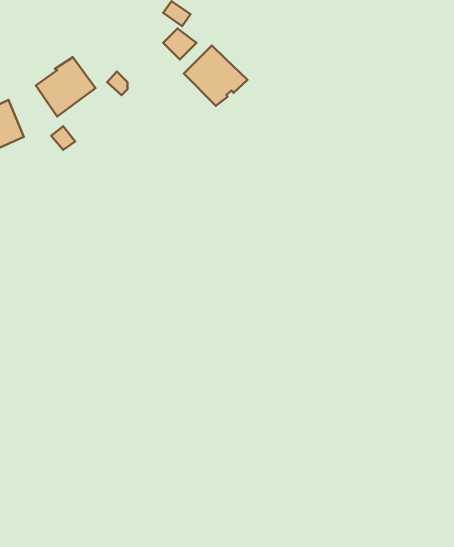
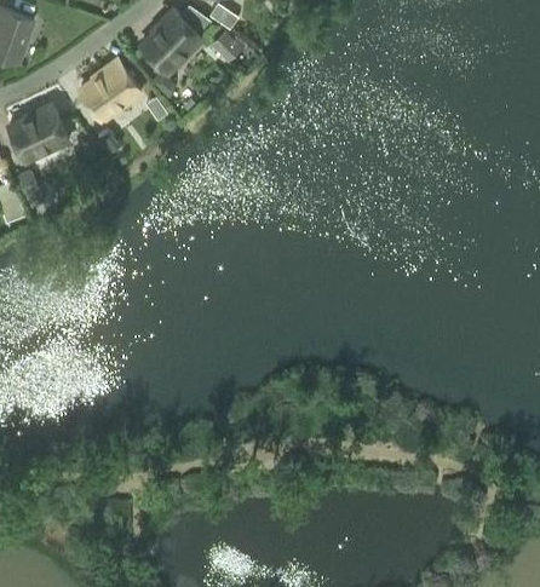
building: none -> [140,8,202,71]
building: [184,45,247,106] -> none

